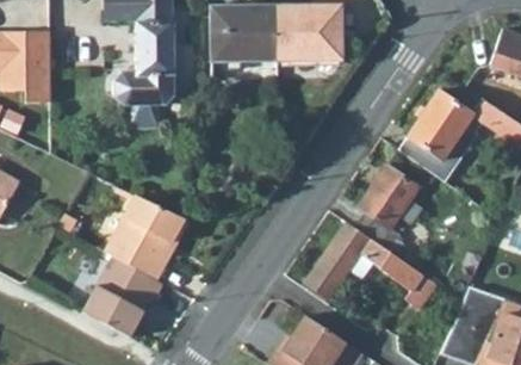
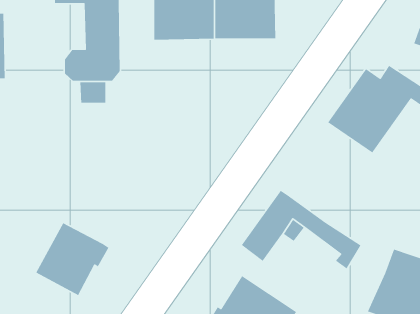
building: [354,165,421,256] -> none
building: [105,194,184,279] -> none

